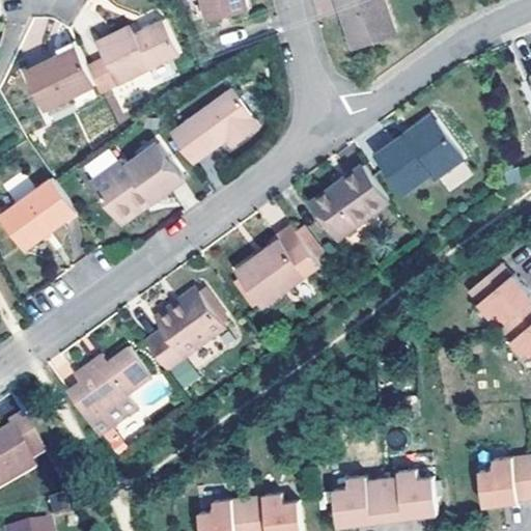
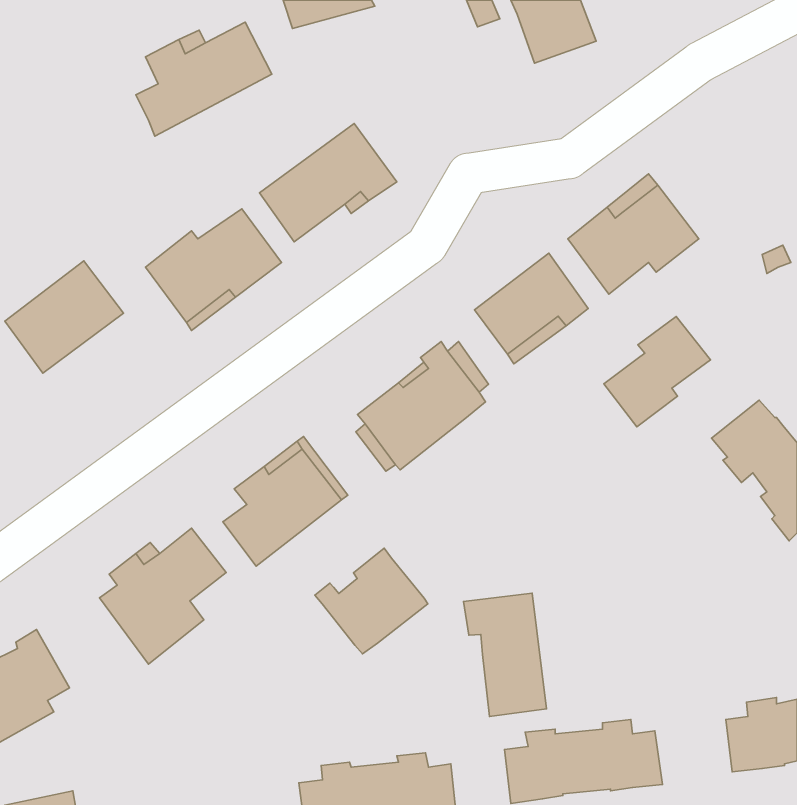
building: [27,44,97,107] -> none
building: none -> [604,317,710,427]
building: none -> [315,548,428,654]
building: none -> [463,593,546,717]

